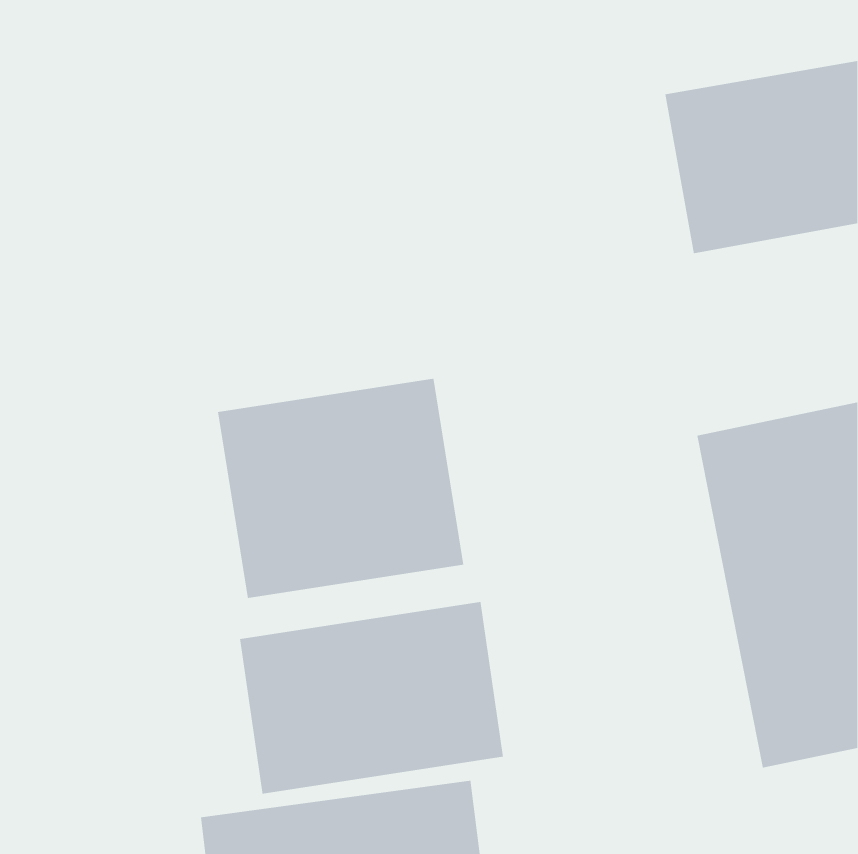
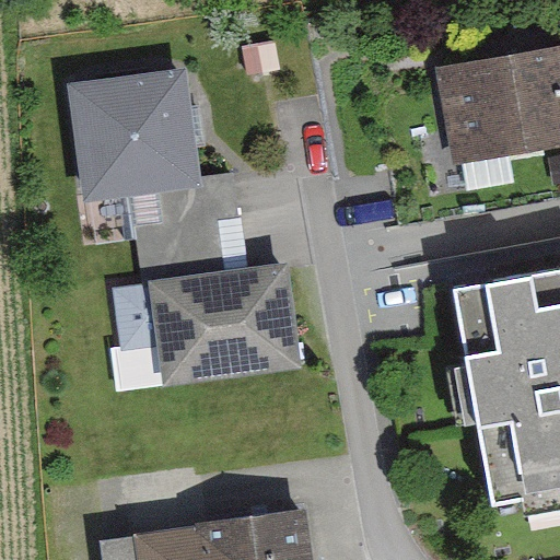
building: none -> [70,67,206,205]
building: [239,601,504,794] -> none

